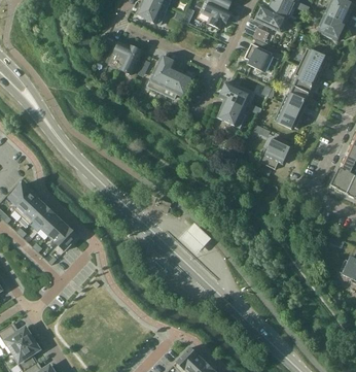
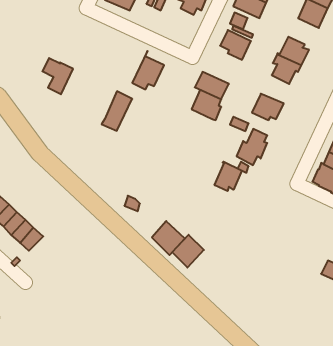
building: [113,40,142,74] -> [42,58,73,94]
building: [147,55,176,92] -> [102,91,132,131]
building: [282,84,309,111] -> none
building: none -> [215,162,242,191]
building: none -> [172,235,204,268]

